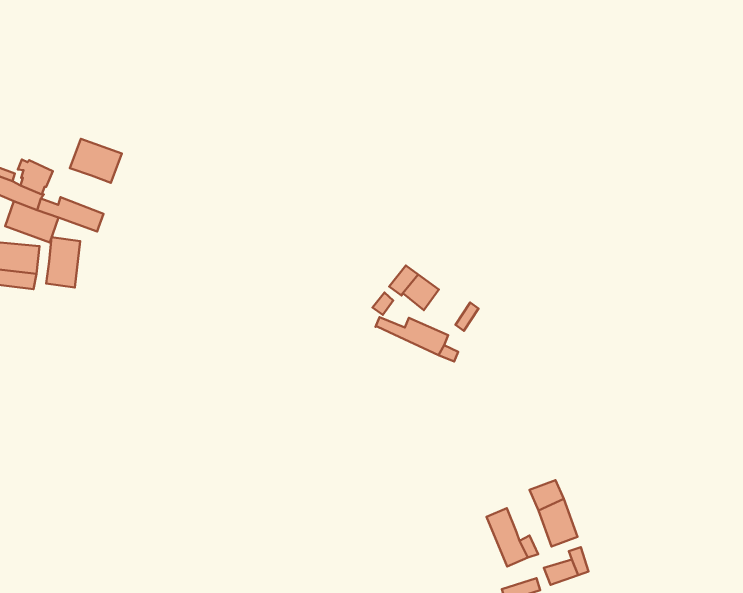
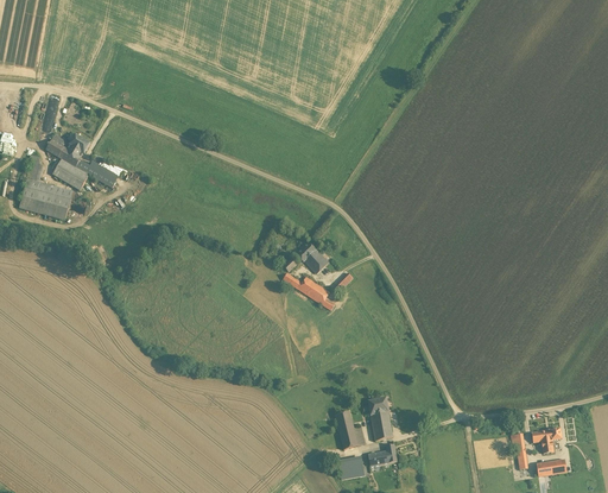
building: [70,139,122,183] -> none
building: [46,237,80,287] -> none

